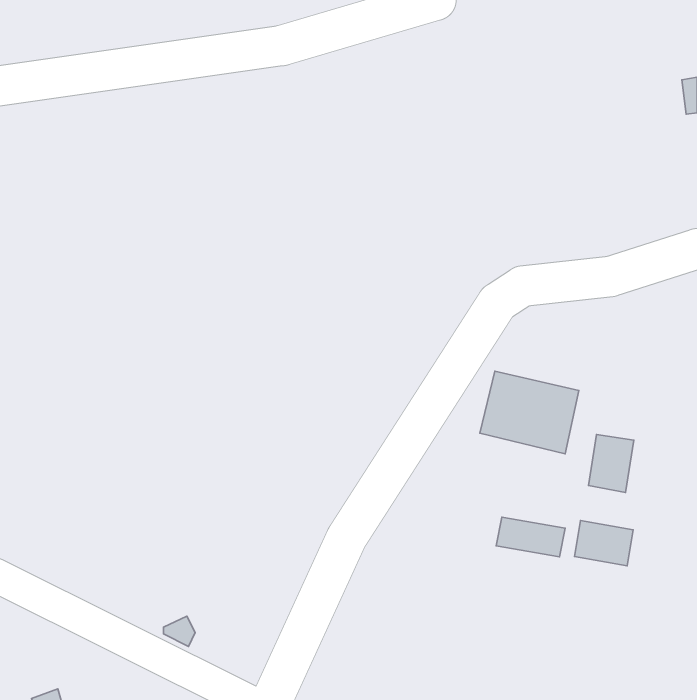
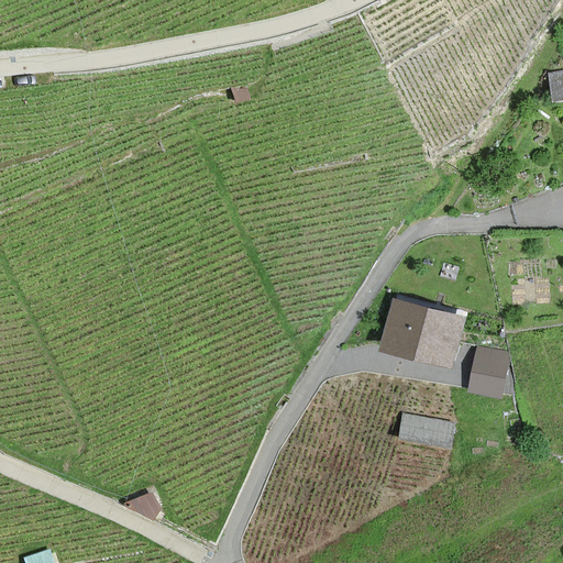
building: [575,521,633,566] -> none

